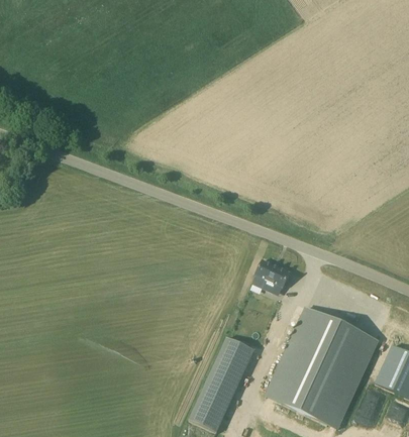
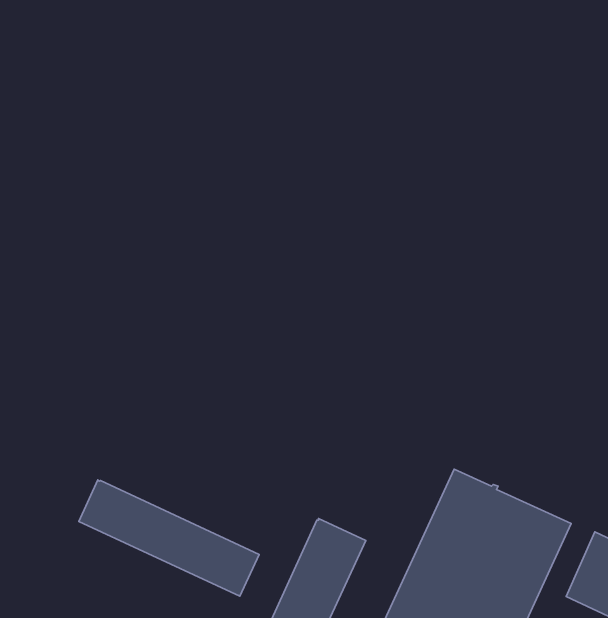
building: [255,259,290,292] -> none
building: none -> [79,480,259,596]

